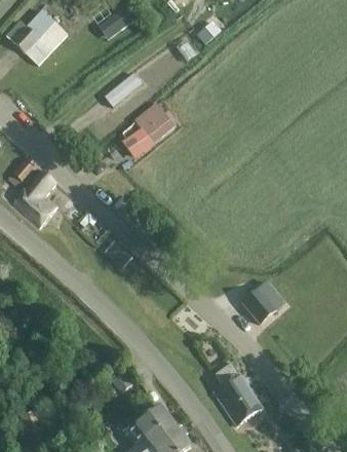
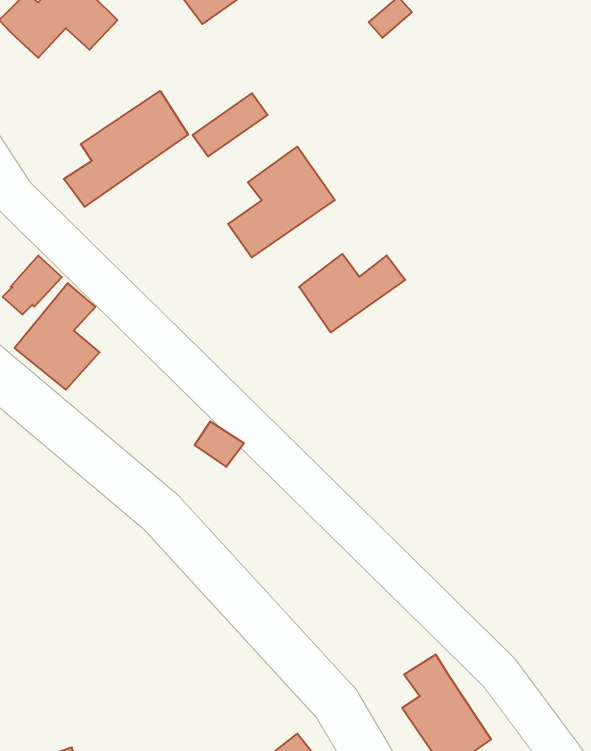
building: none -> [64,91,188,207]
building: none -> [299,254,405,332]
building: [240,287,277,325] -> none

